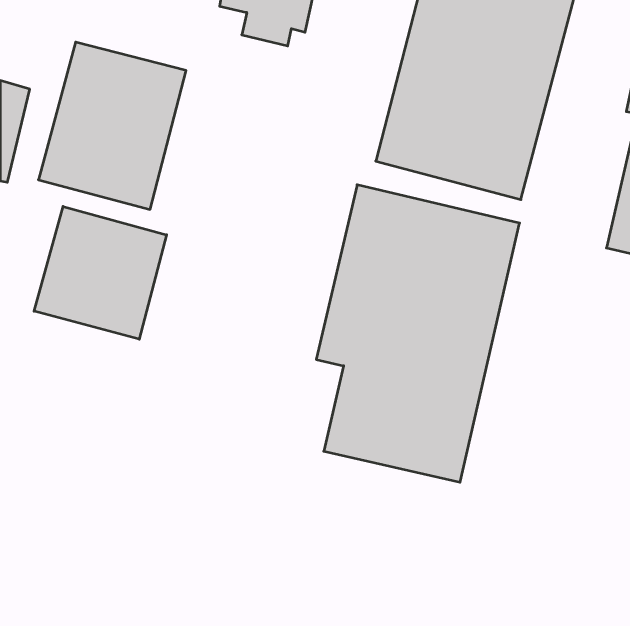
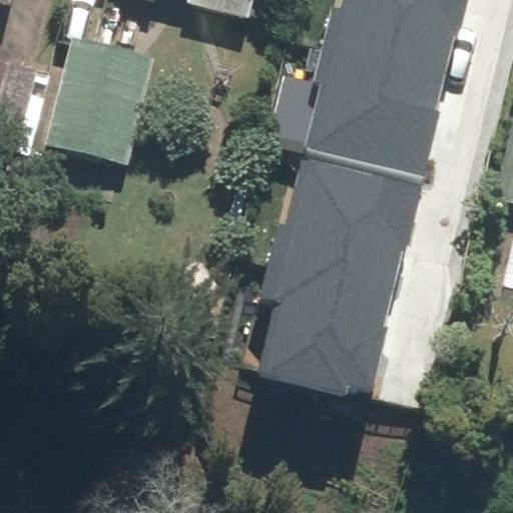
building: [34,206,167,339] -> none

